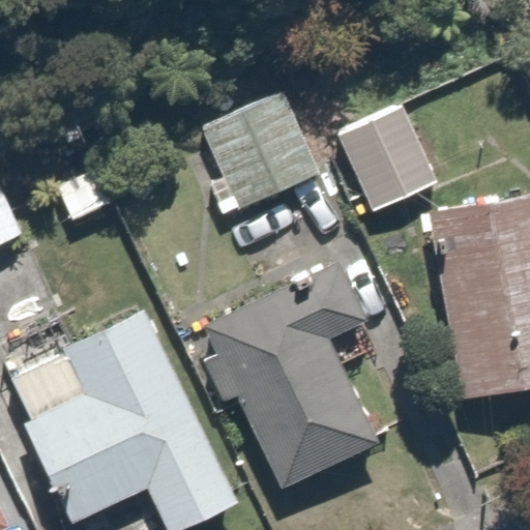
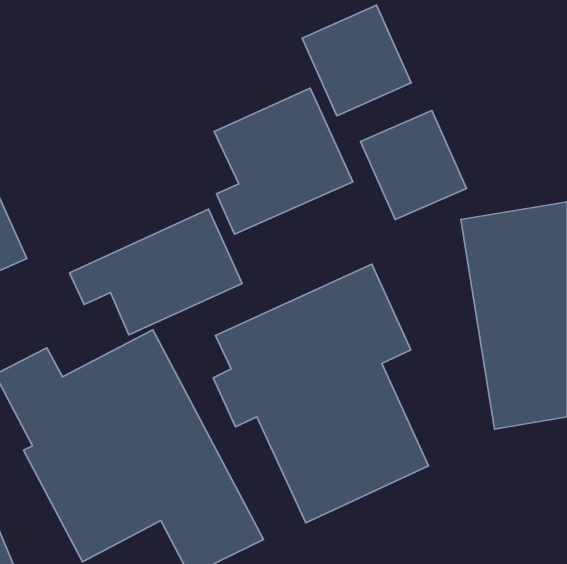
building: none -> [302,5,411,116]
building: none -> [69,209,242,335]

